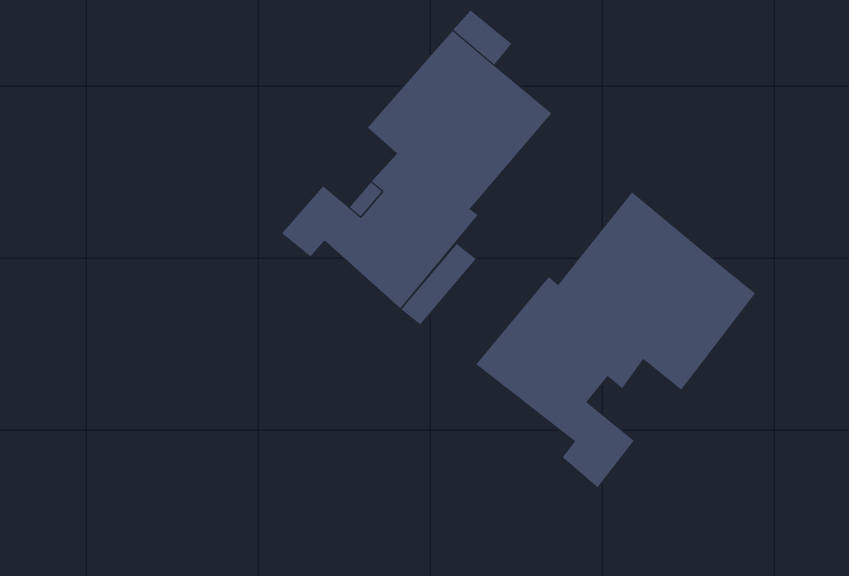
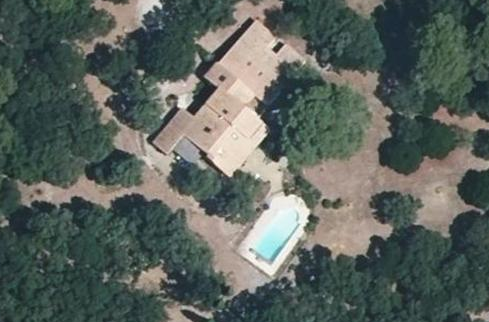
building: [476,191,756,488] -> none

